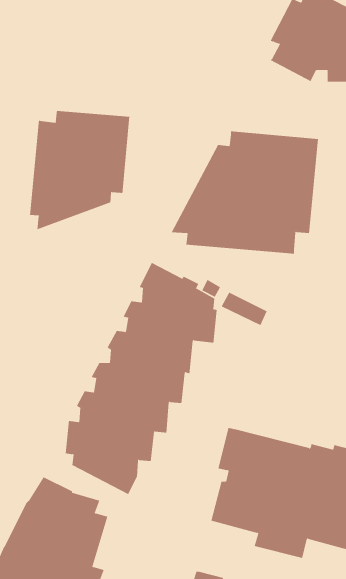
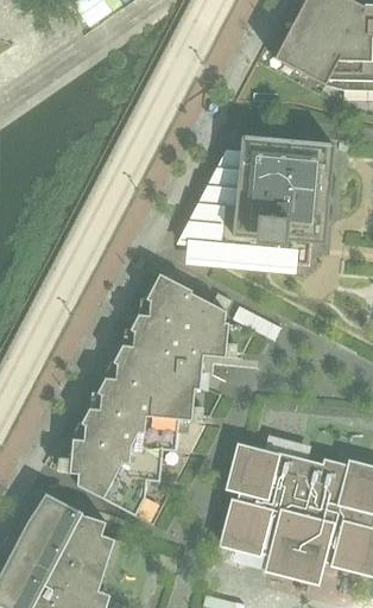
building: [29,110,130,230] -> none

